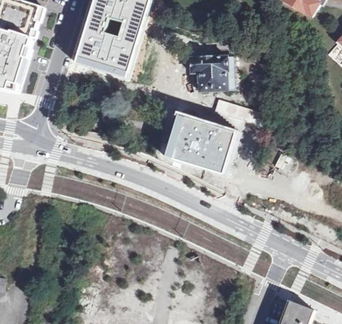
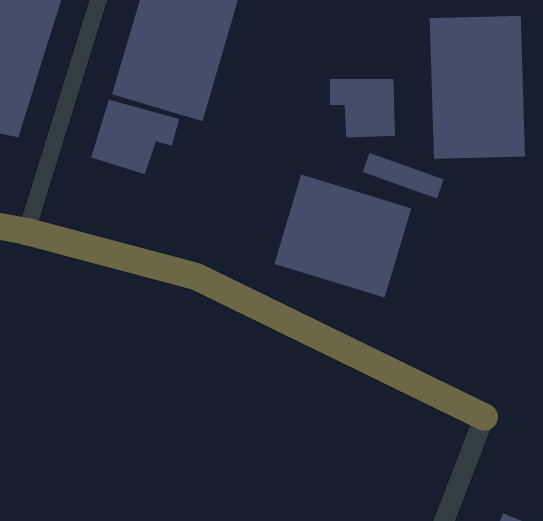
building: none -> [429,15,526,159]
building: none -> [90,99,180,175]

